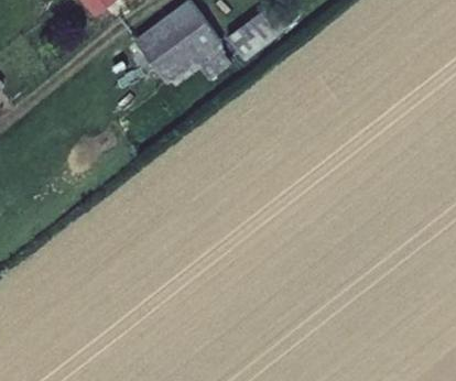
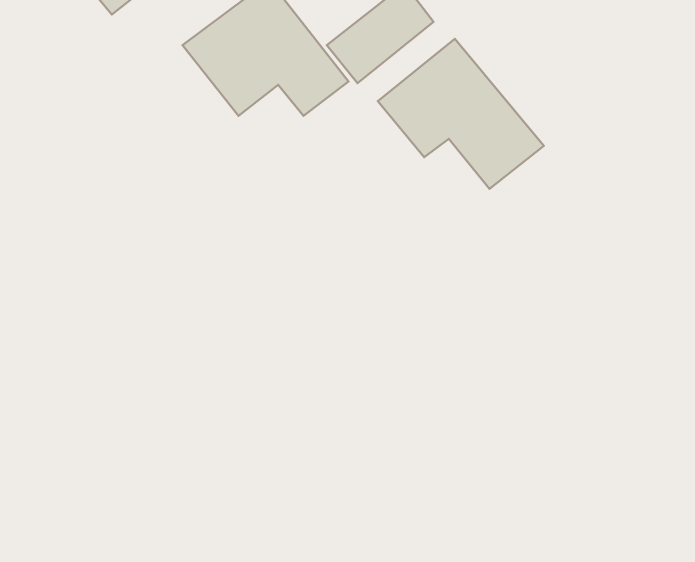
building: none -> [378,39,544,189]

